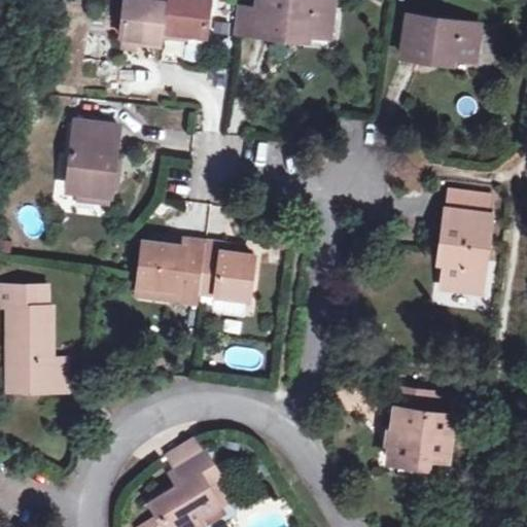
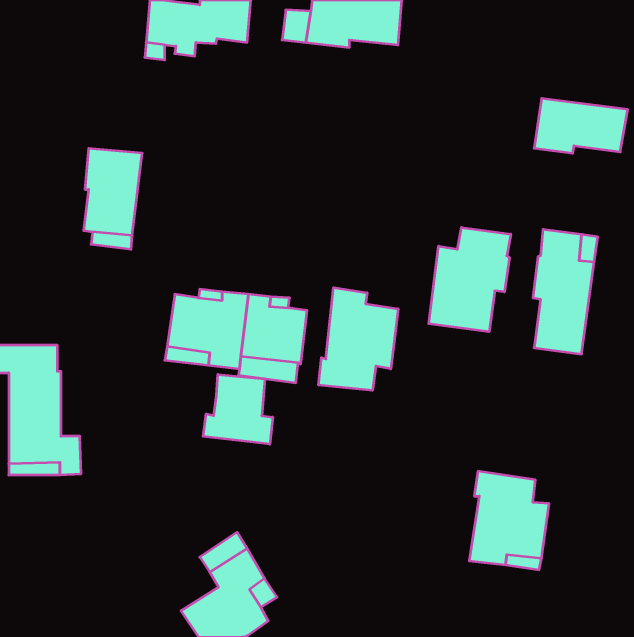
building: [401,15,479,61] -> [534,98,628,153]
building: none -> [429,227,511,332]
building: none -> [319,288,398,390]
building: none -> [203,374,273,444]

